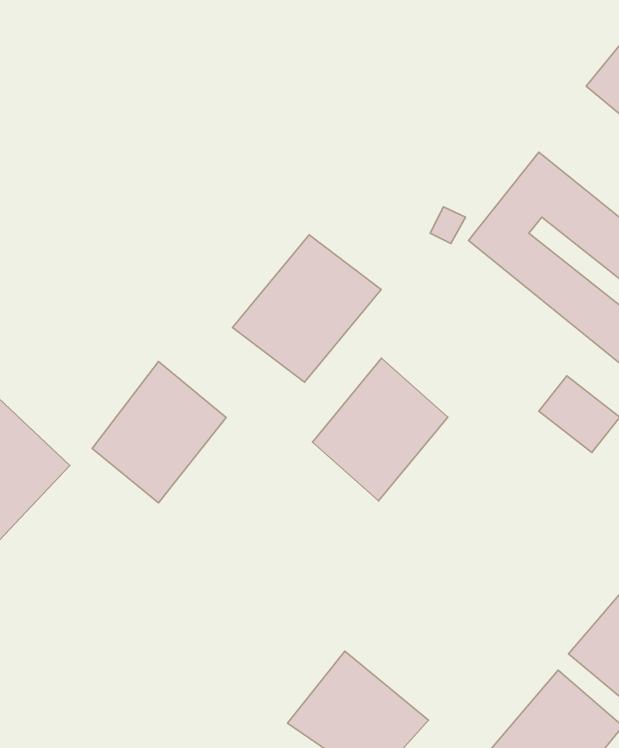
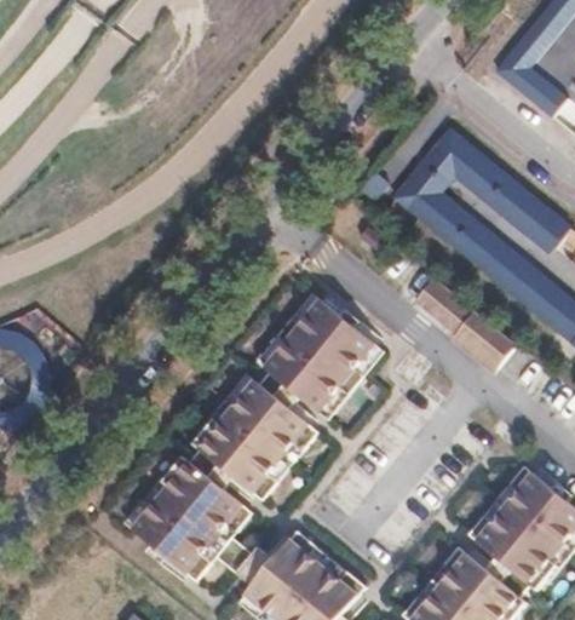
building: [233,235,381,382] -> none
building: none -> [413,276,467,329]
building: [92,362,226,503] -> [199,378,309,494]
building: none -> [131,464,243,574]

